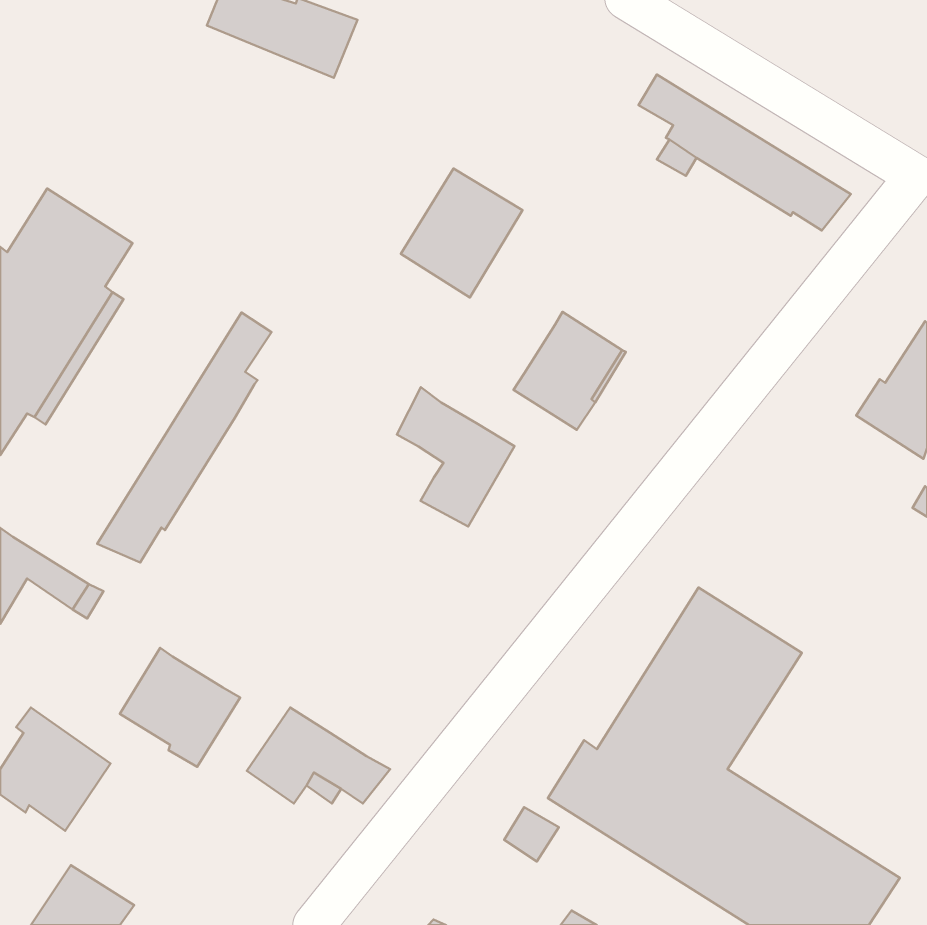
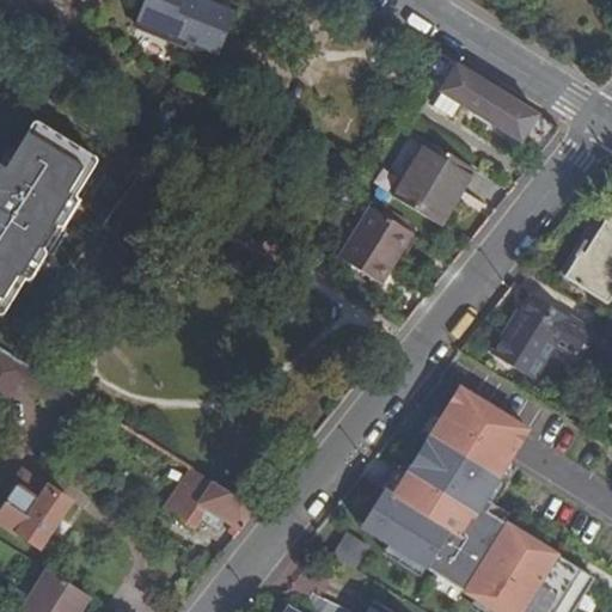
building: [401,169,523,297] -> [393,140,473,225]
building: [97,312,271,562] -> none
building: [397,387,515,526] -> none
building: none -> [492,294,592,379]
building: [120,648,240,767] -> none

